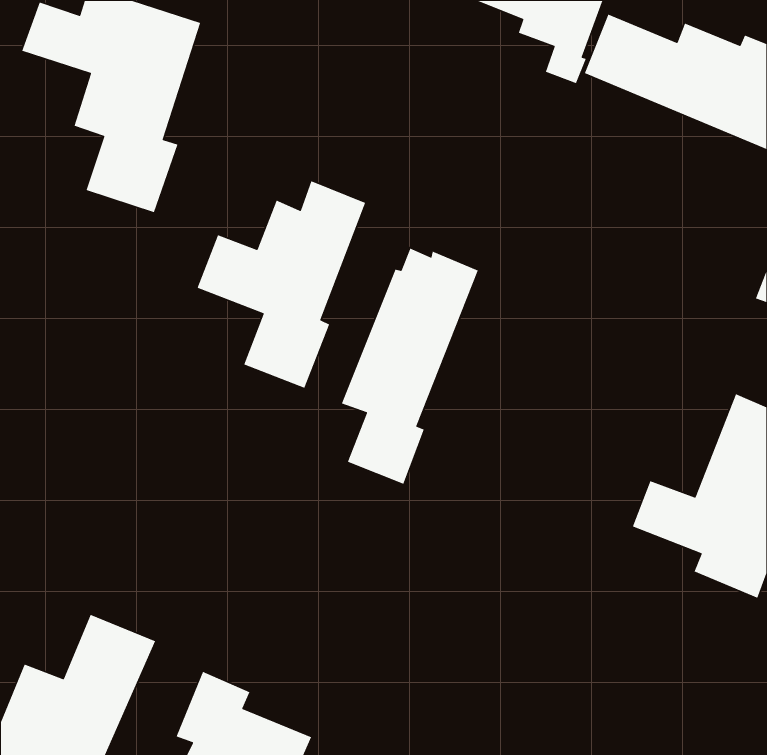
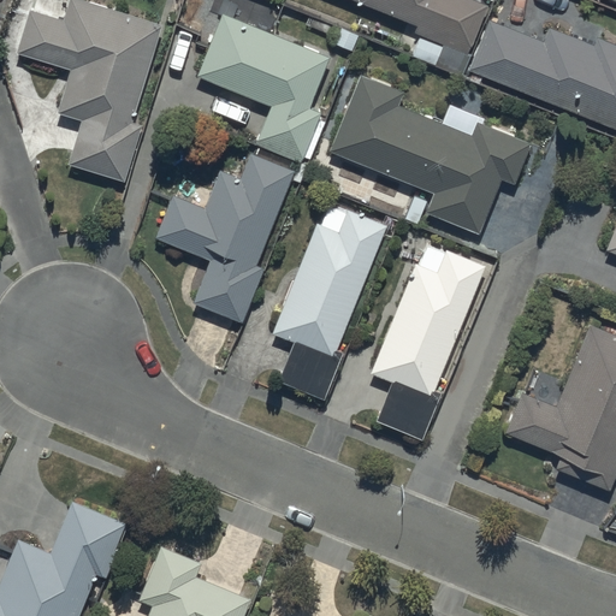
building: none -> [199,16,327,161]
building: none -> [330,77,529,233]
building: none -> [371,251,484,438]

